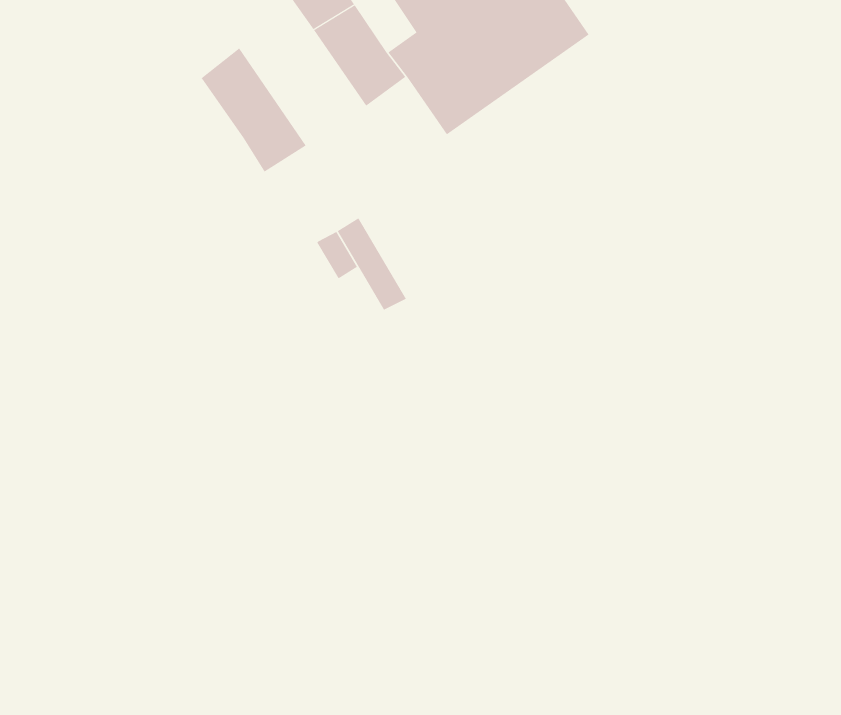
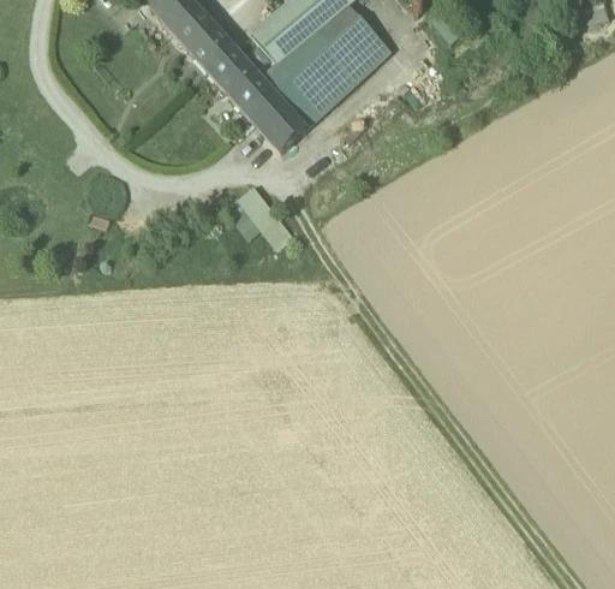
building: [201,48,307,172] -> none
building: none -> [251,94,308,151]

